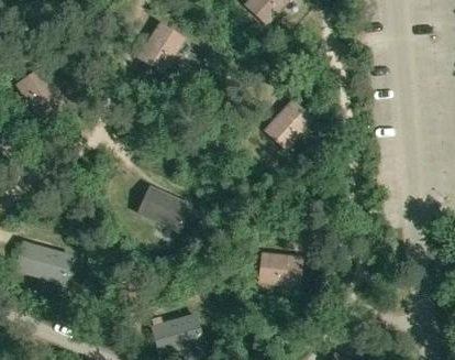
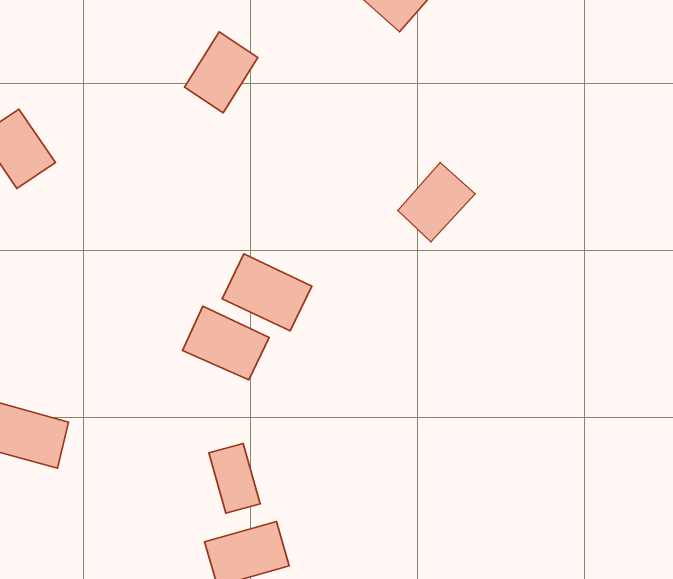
building: none -> [222,254,312,331]
building: [259,253,301,285] -> none
building: none -> [209,444,260,513]

